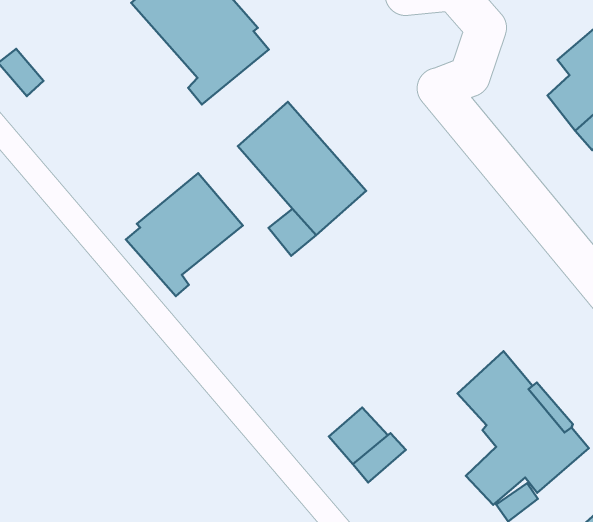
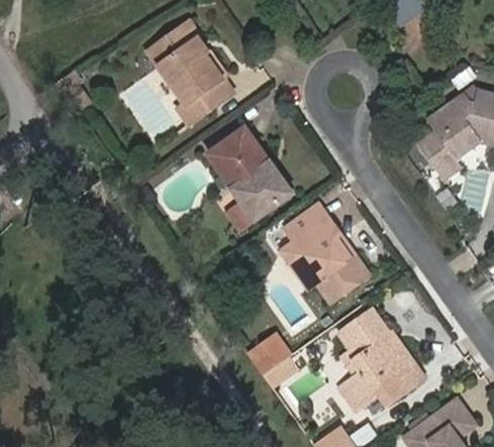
building: [126,173,243,296] -> none
building: none -> [280,203,369,301]

